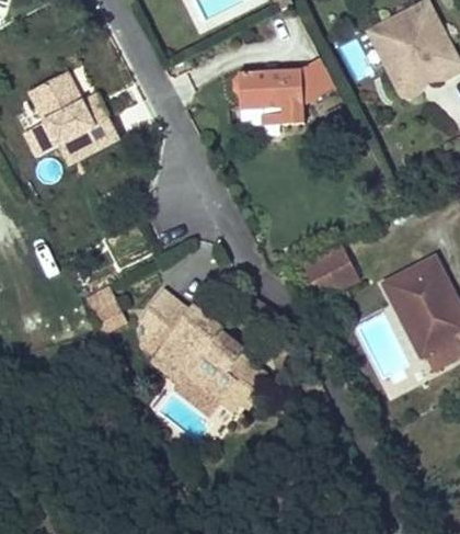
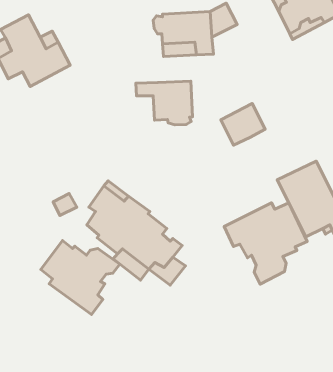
building: none -> [136,81,193,125]
building: [300,246,357,299] -> [221,104,265,145]
building: none -> [224,203,307,284]
building: none -> [41,240,120,314]

